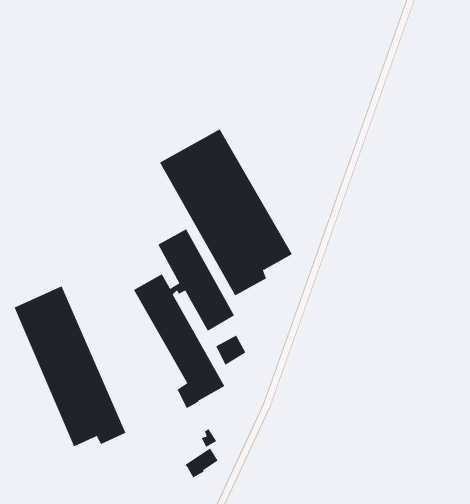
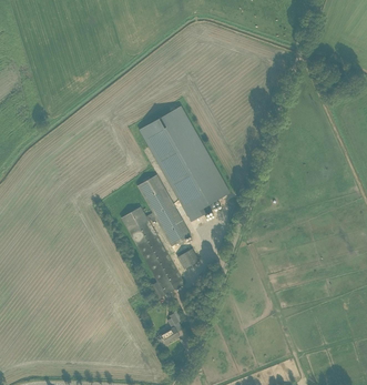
building: [14,285,126,447] -> none

